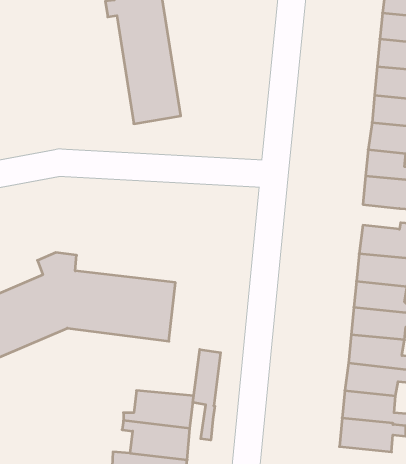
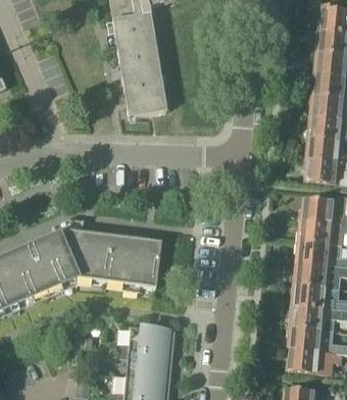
building: [193,349,221,440] -> none

